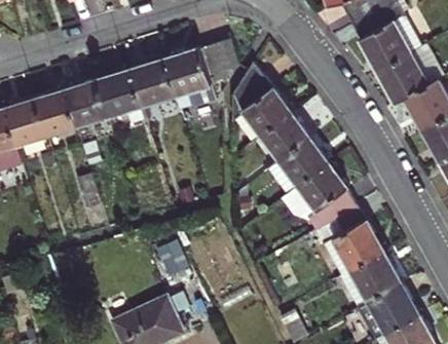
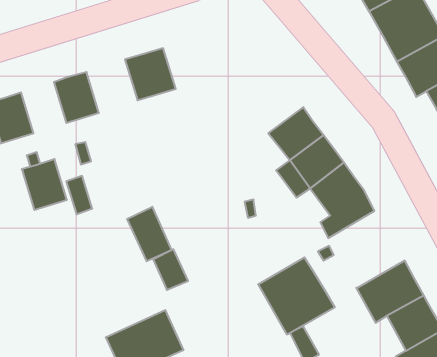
building: [164,39,238,108] -> none
building: [231,62,292,142] -> none
building: [95,69,145,124] -> none
building: [35,89,76,136] -> [22,159,67,210]
building: none -> [127,207,172,261]
building: [314,206,384,276] -> [258,257,335,334]

